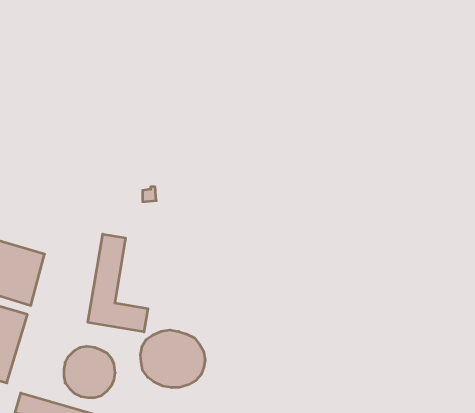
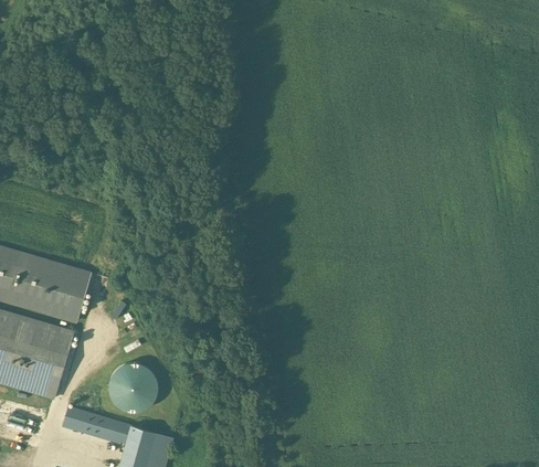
building: [88,234,148,332] -> none
building: [140,330,205,388] -> none

